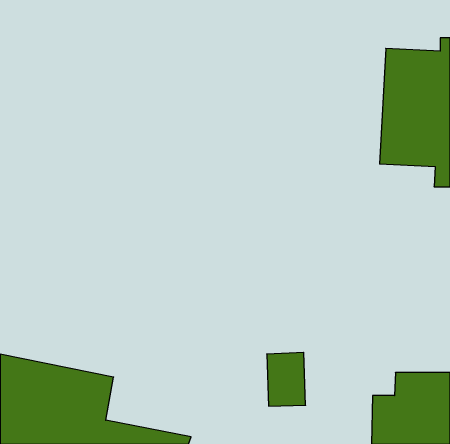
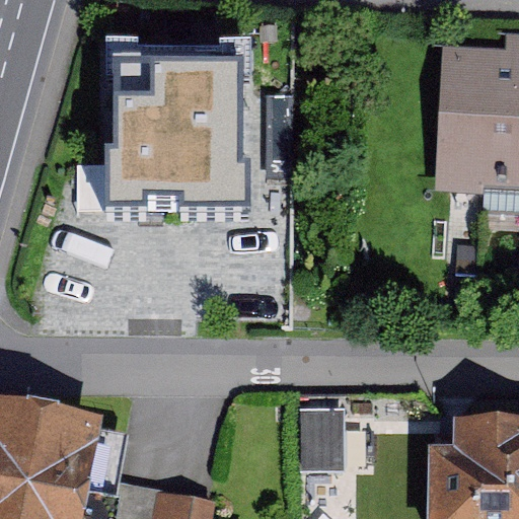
building: none -> [99,41,243,214]

